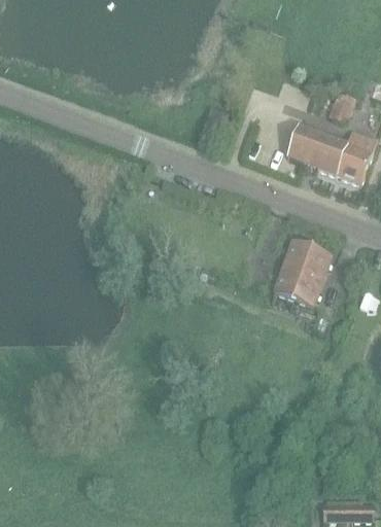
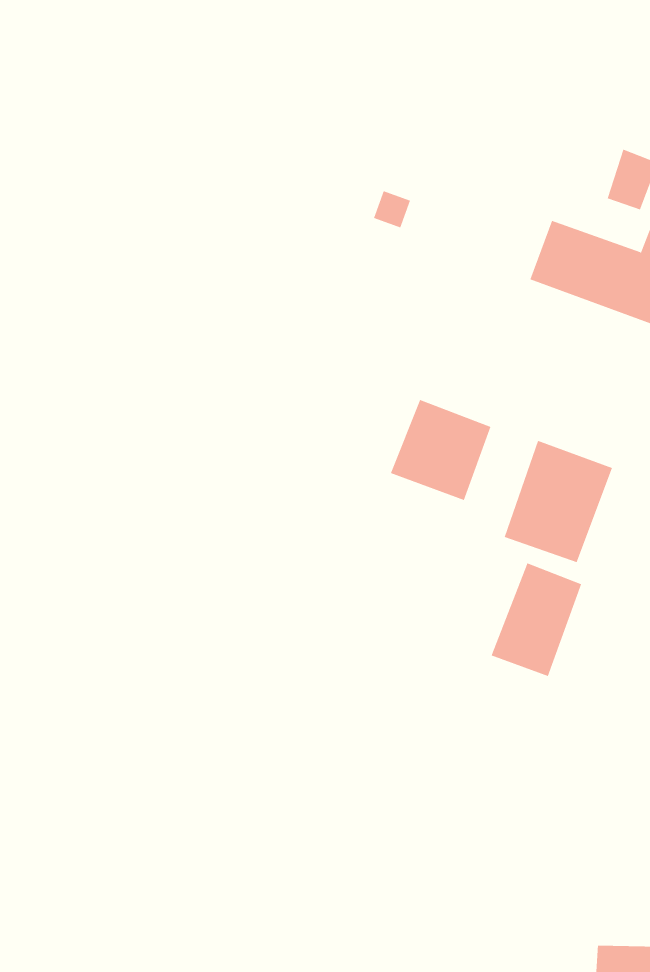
building: none -> [390,399,491,501]
building: none -> [491,562,582,677]

